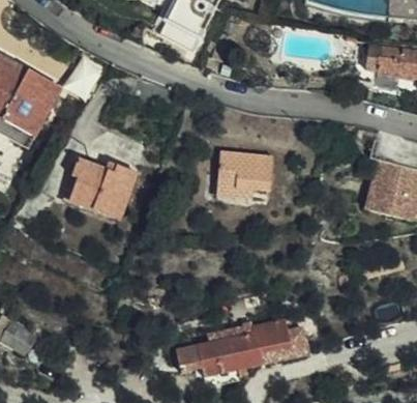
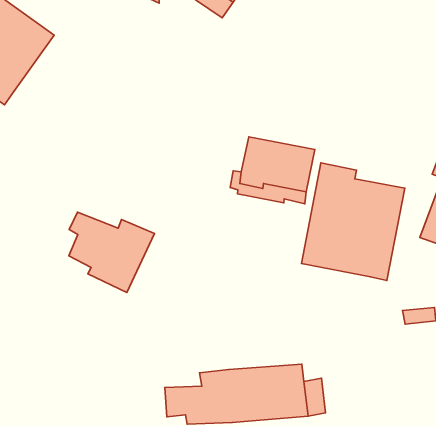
building: [68,159,136,218] -> [69,212,154,293]
building: none -> [302,163,405,280]

